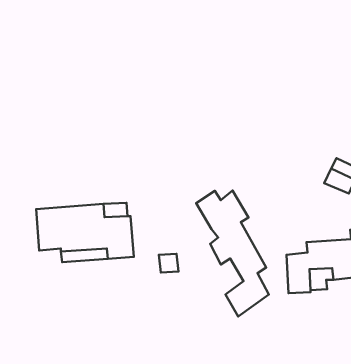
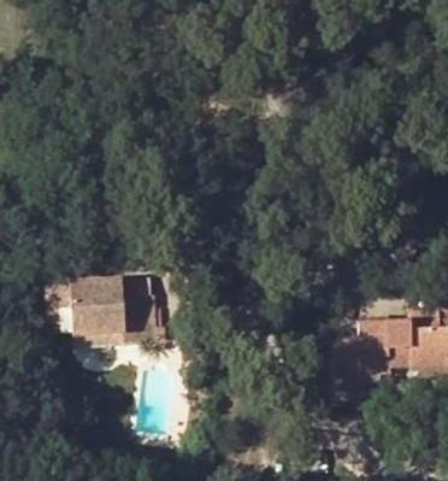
building: [196,190,269,316] -> none

